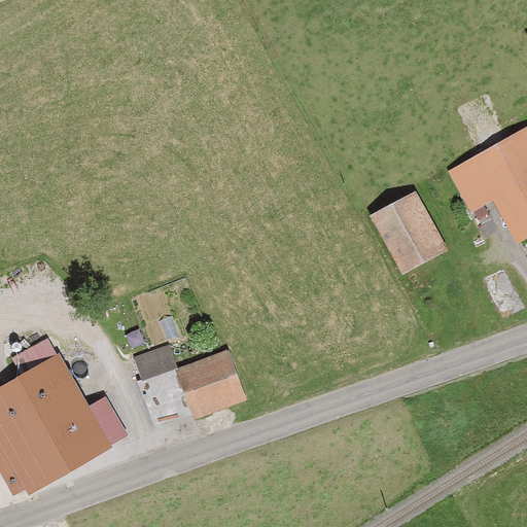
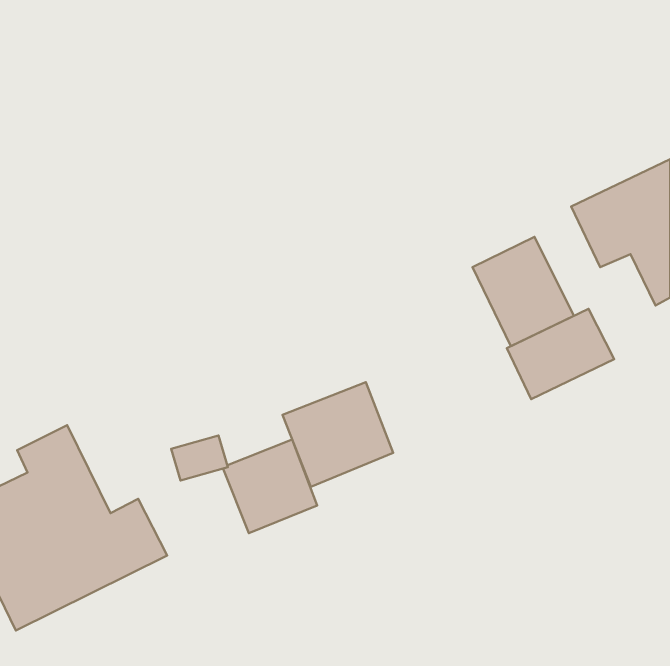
building: none -> [507,309,614,399]
building: none -> [282,382,393,487]

